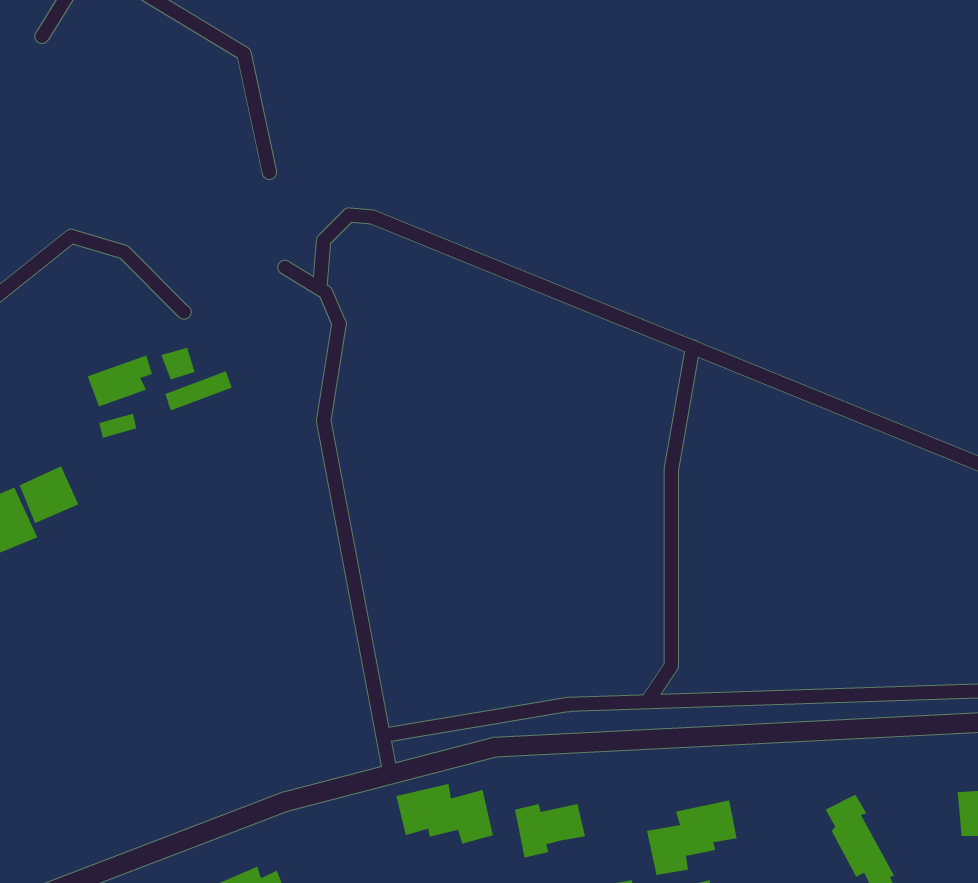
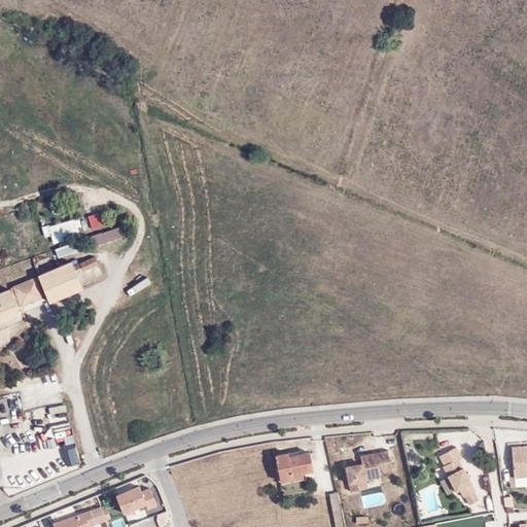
building: none -> [38,256,99,302]
building: [396,783,494,844] -> none

